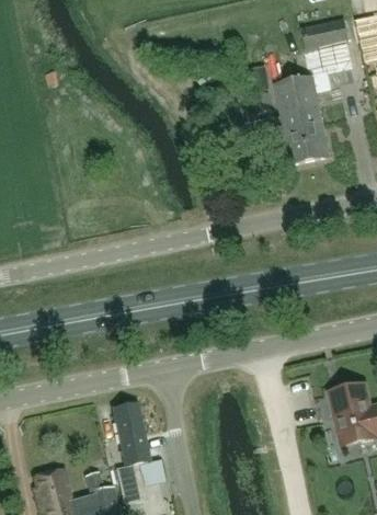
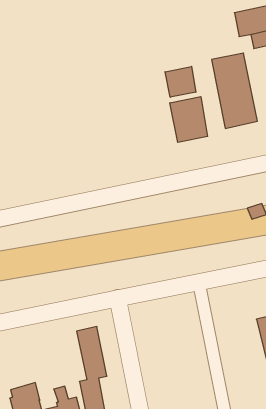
building: none -> [165,66,196,97]
building: none -> [170,97,208,142]

